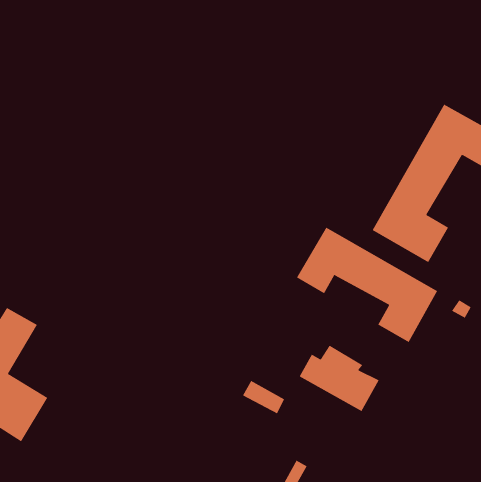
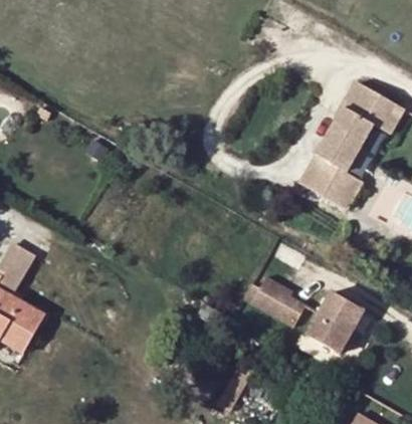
building: [296,227,438,343] -> none
building: none -> [304,289,365,355]

